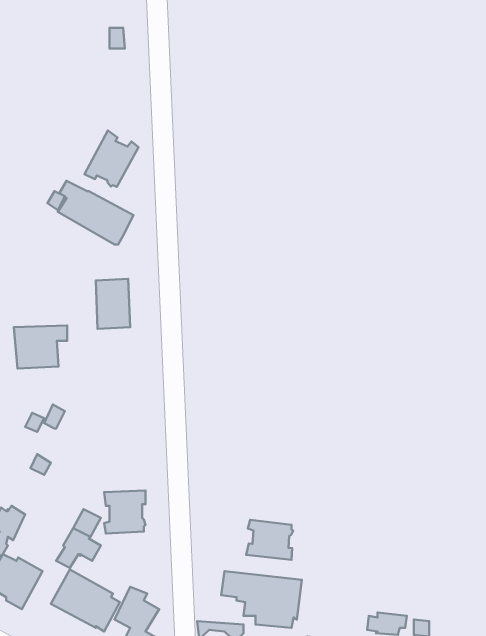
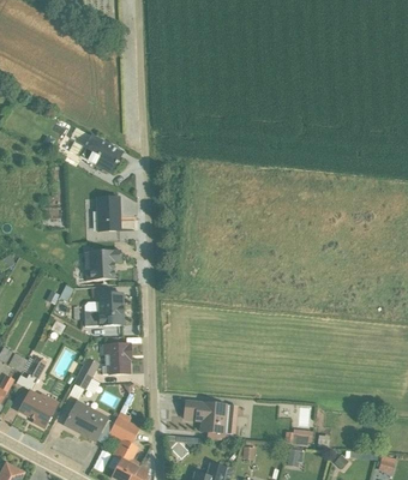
building: [84,131,139,187] -> none
building: [14,325,67,368] -> [83,251,120,281]
building: none -> [83,294,121,326]
building: [246,520,293,560] -> none

